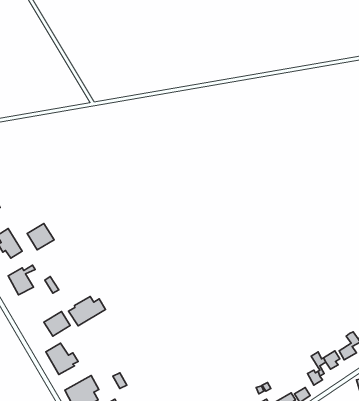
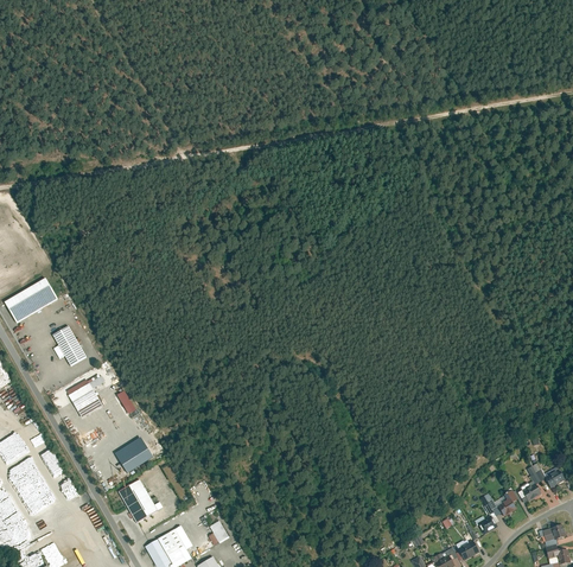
building: [27,223,54,250] -> none
building: [69,296,105,326] -> none

